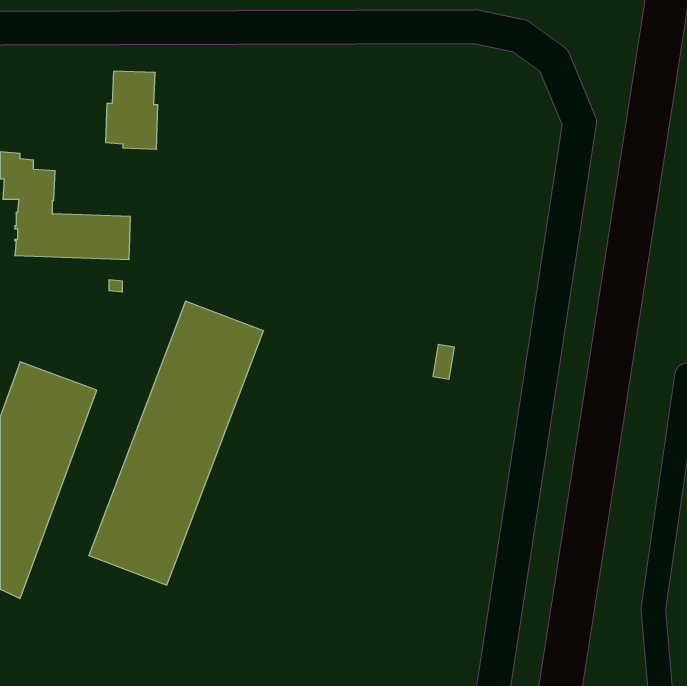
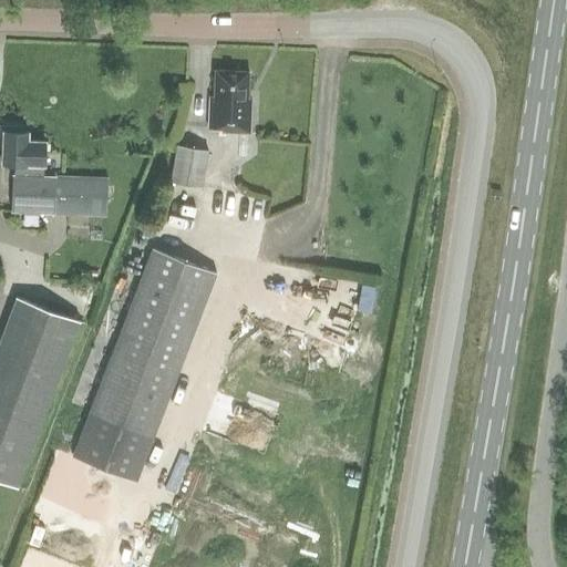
building: [106,71,158,149] -> [208,71,251,135]
building: none -> [169,146,207,188]

